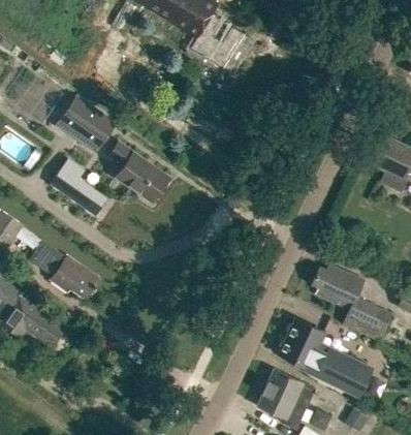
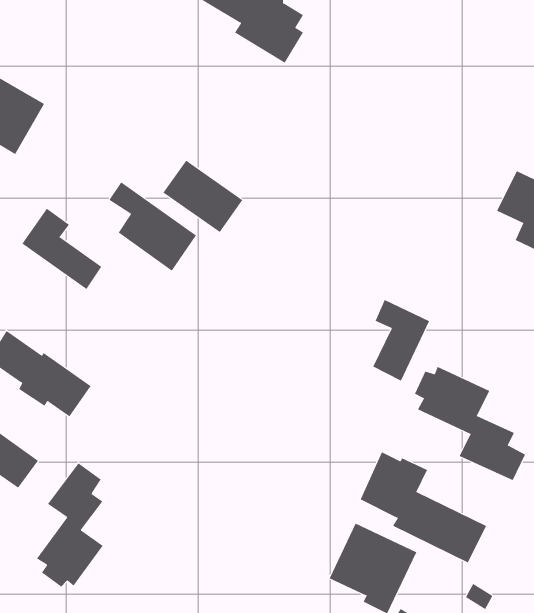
building: [62,96,116,145] -> [163,160,243,233]
building: none -> [372,299,430,381]
building: none -> [36,462,104,588]

